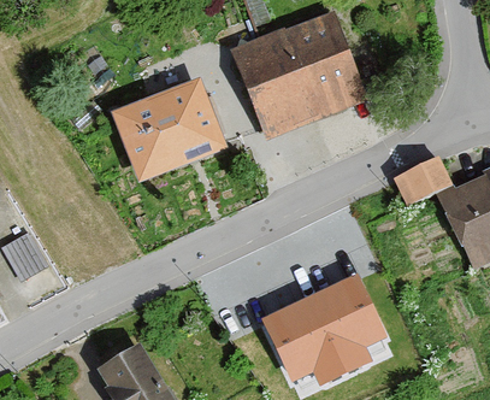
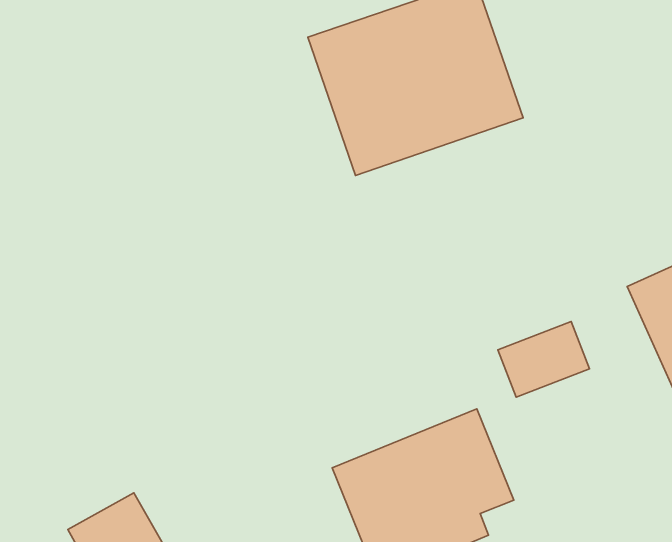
building: [116,77,228,178] -> none
building: [394,157,451,206] -> [498,321,589,397]

